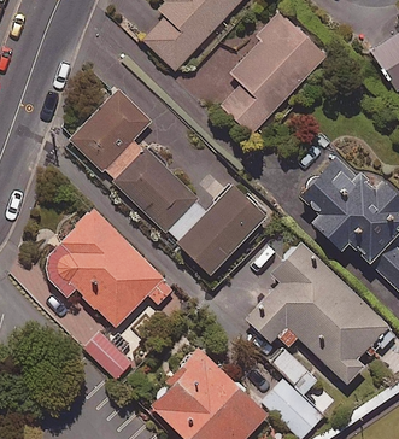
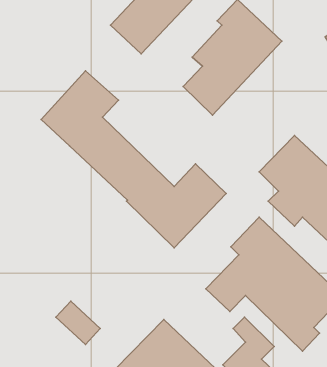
building: [45,210,174,328] -> none

